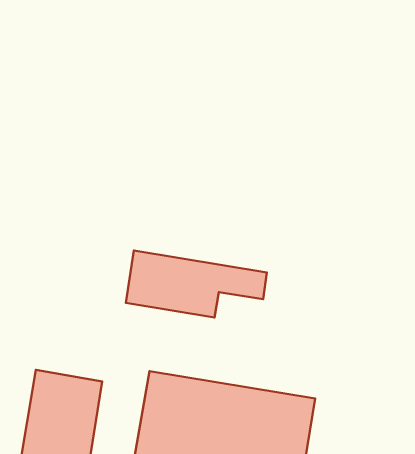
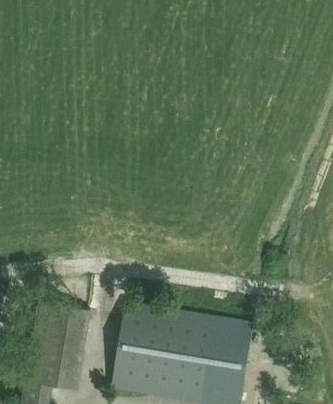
building: [126,251,267,318] -> none

